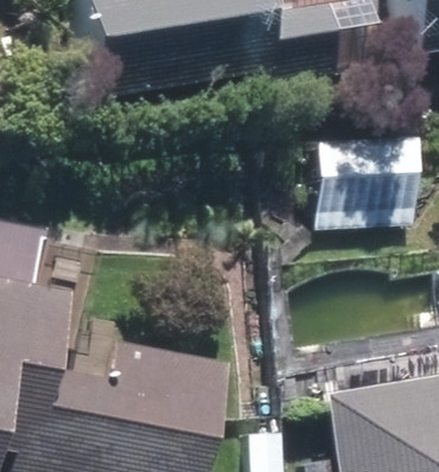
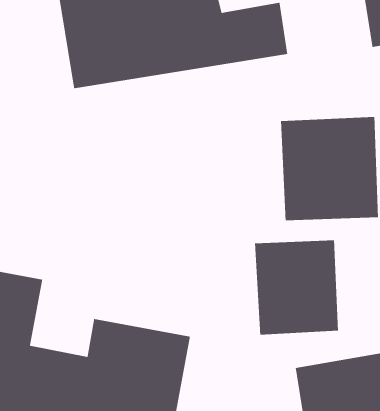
building: none -> [254,239,339,335]

